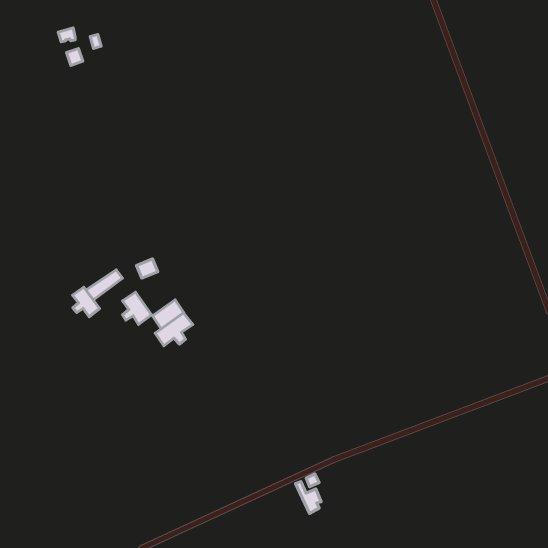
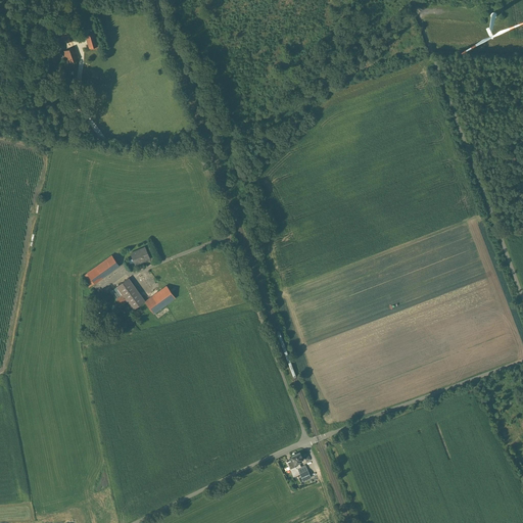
building: [72,287,100,317] -> none
building: [155,313,193,346] -> none

